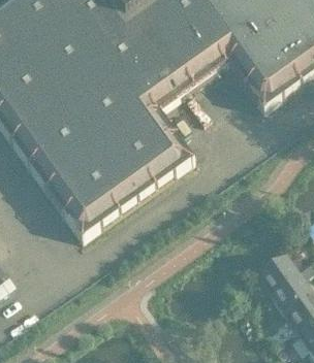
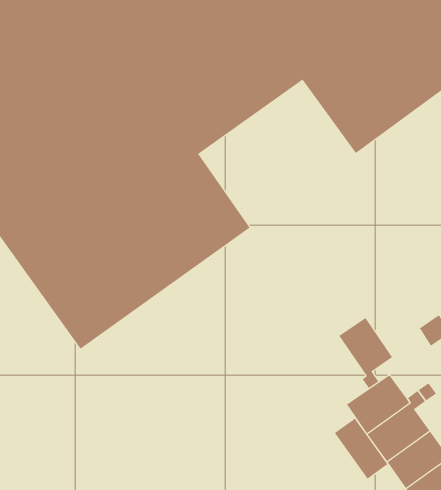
building: none -> [339,317,393,389]
building: none -> [334,418,388,479]

